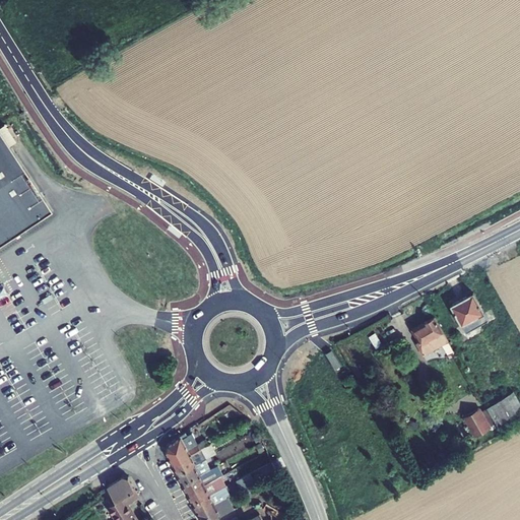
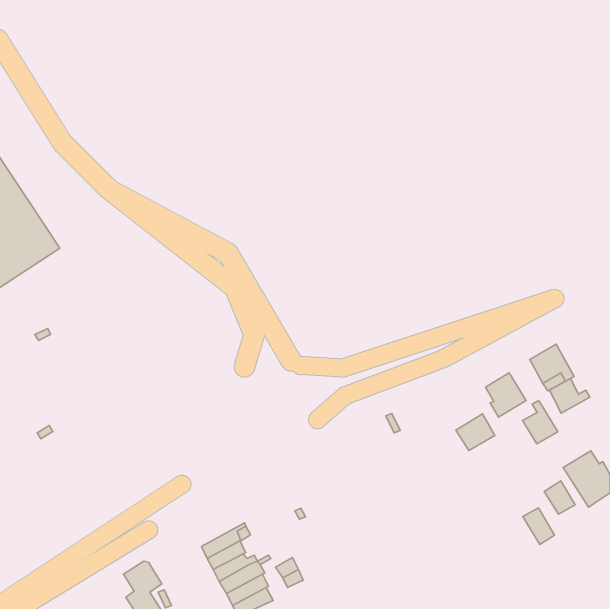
building: none -> [550,379,590,413]
building: none -> [522,400,558,444]
building: none -> [456,414,495,451]
building: none -> [523,508,554,544]
building: [164,436,207,466] -> none

